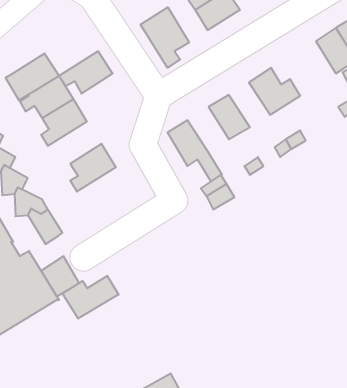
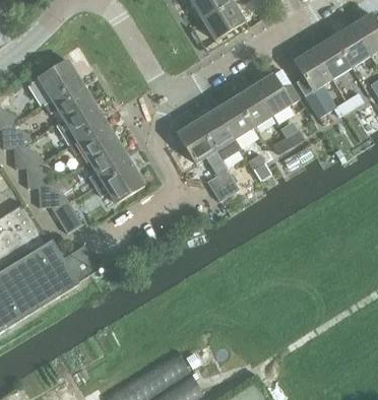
building: [141,7,189,68] -> none
building: none -> [294,50,331,107]
building: [59,51,113,94] -> [69,123,118,161]
building: none -> [234,87,271,128]
building: none -> [196,110,234,151]
building: none -> [96,164,143,203]
building: [62,276,119,319] -> none

